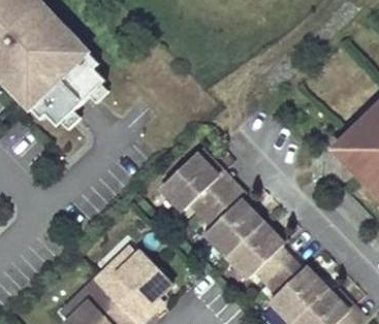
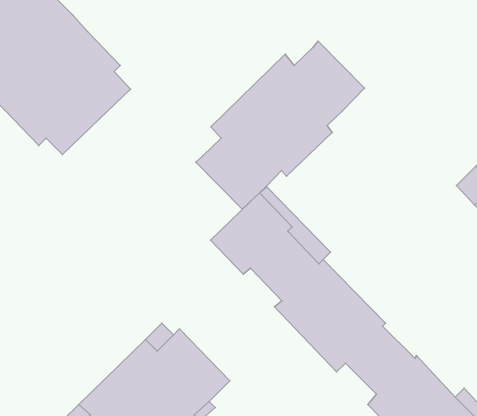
building: none -> [196,41,365,209]

